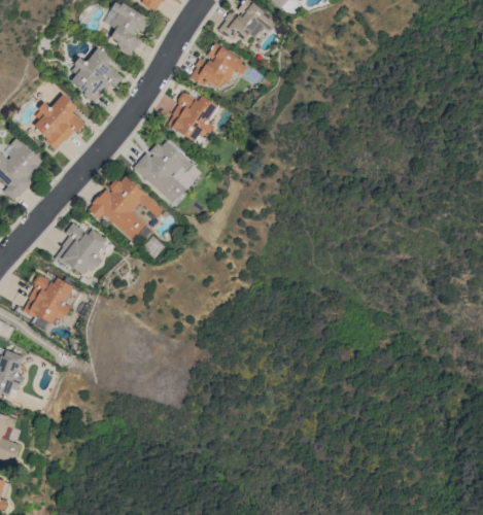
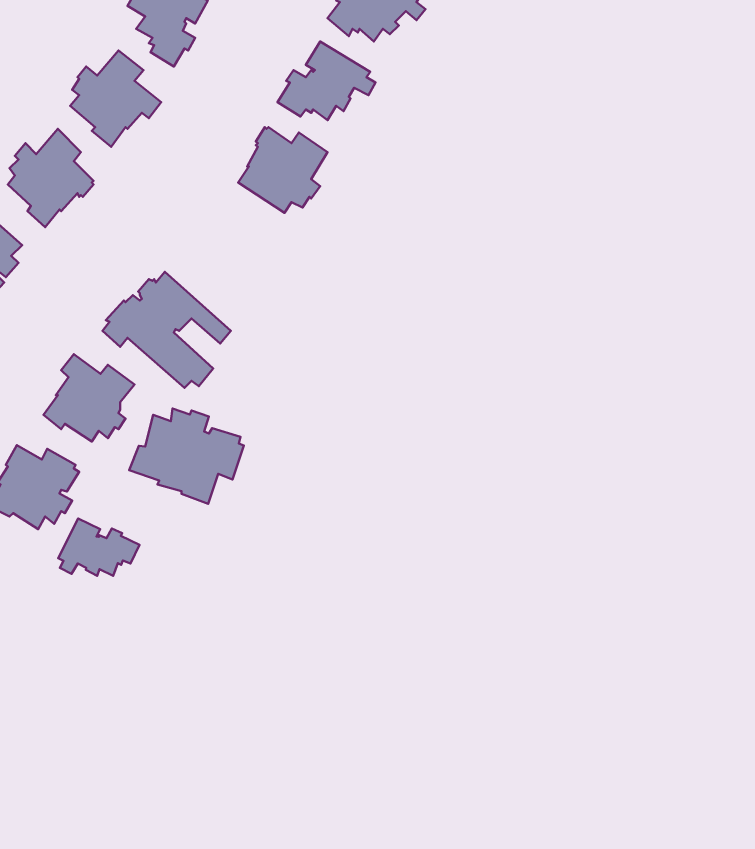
building: [133,140,193,203] -> none
building: none -> [129,409,244,504]
building: none -> [58,518,140,576]

